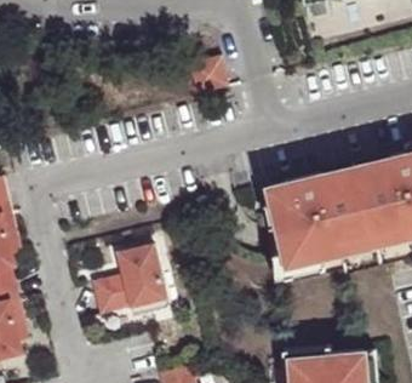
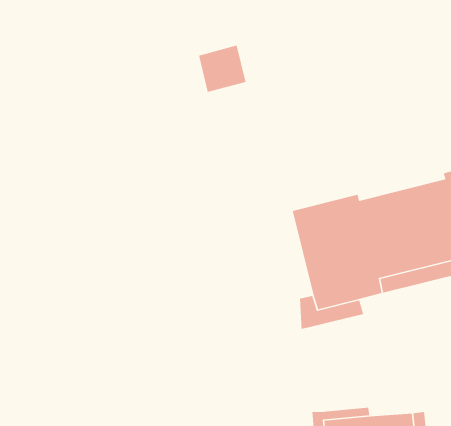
building: [92,244,168,314] -> none

